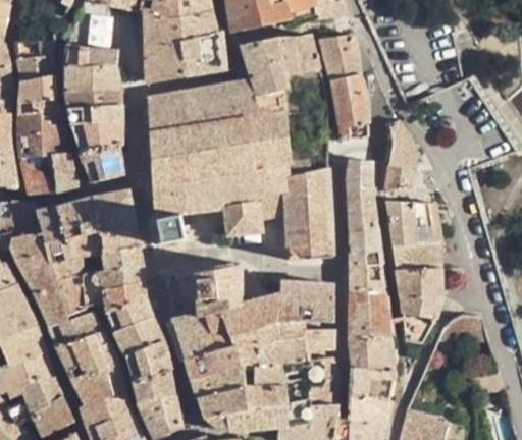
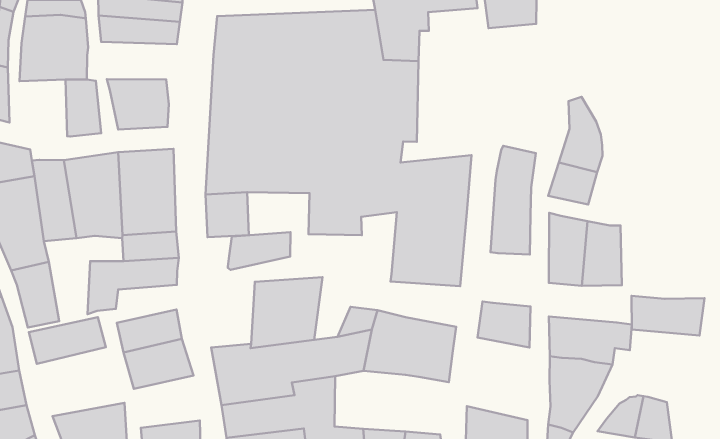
building: [329,74,370,140] -> none
building: [71,120,122,150] -> none
building: [20,154,57,194] -> none
building: [350,229,382,265] -> none
building: [393,241,441,269] -> [632,296,704,336]
building: [51,256,87,316] -> none
building: [105,281,146,312] -> [228,232,290,270]
building: [349,289,390,340] -> none
building: [258,321,334,362] -> none
building: [57,329,119,380] -> none
building: [124,340,171,380] -> none

